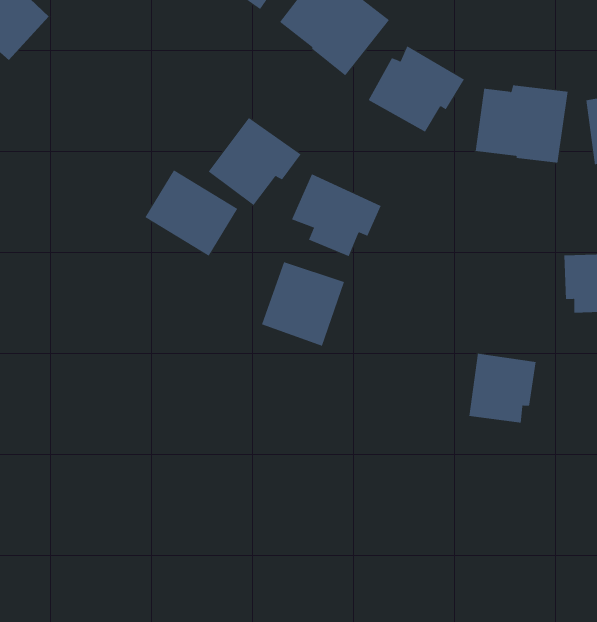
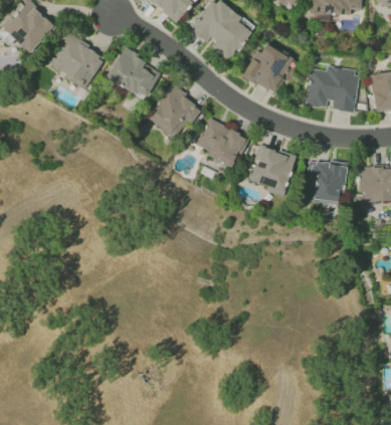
building: none -> [44,30,106,88]
building: [145,170,238,256] -> [106,48,161,99]
building: [261,261,345,347] -> [247,145,297,195]
building: [469,353,537,423] -> [307,161,347,202]

